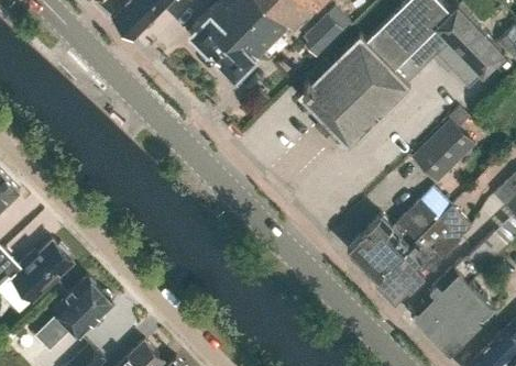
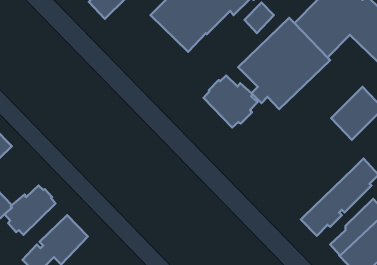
building: none -> [204,75,258,128]
building: [348,201,440,279] -> none

